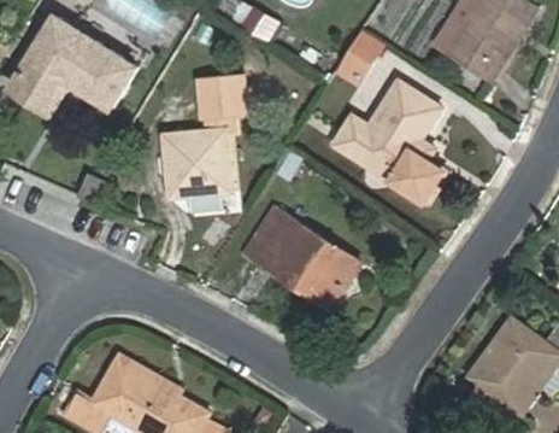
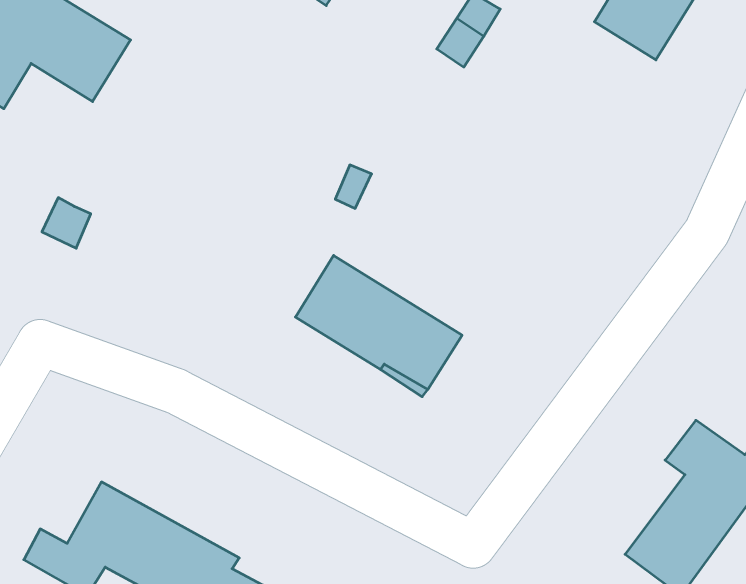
building: [159,74,246,200] -> none
building: [335,82,443,200] -> none

